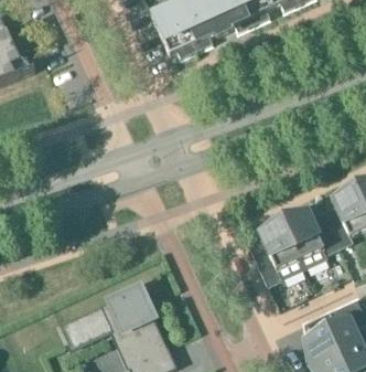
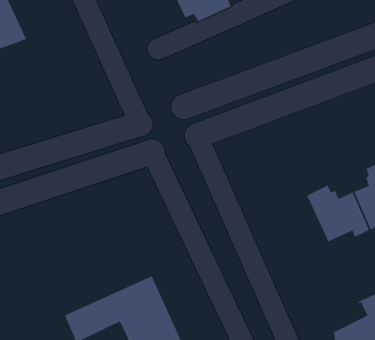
building: [250,213,300,284] -> none

